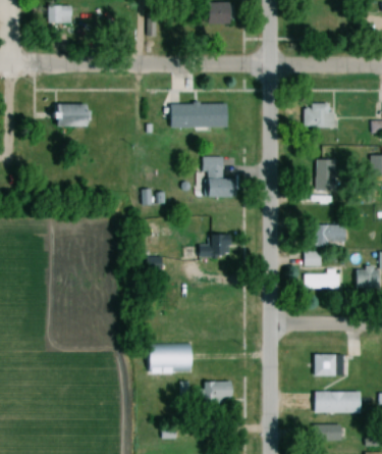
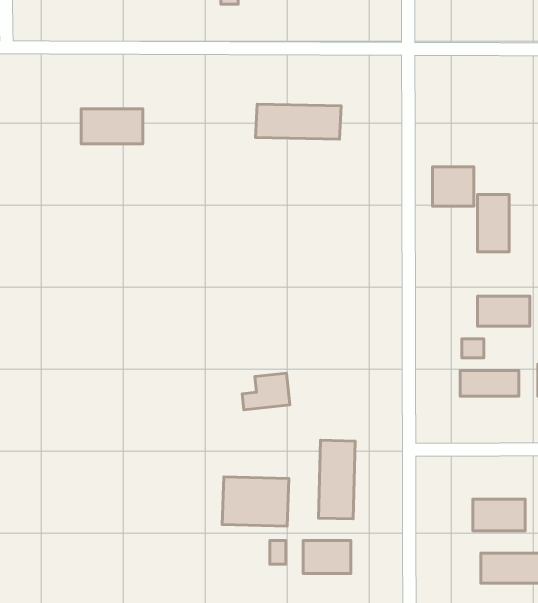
building: [306,104,332,130] -> [432,167,474,206]
building: [200,157,225,197] -> none
building: [201,235,231,258] -> [242,373,290,410]
building: none -> [319,440,355,519]

